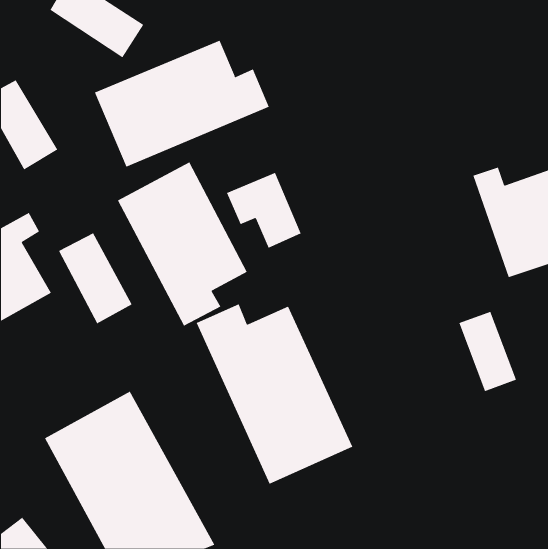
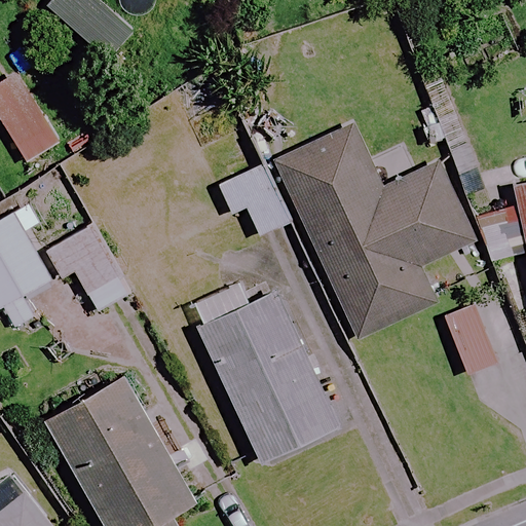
building: [94,40,270,168] -> none
building: none -> [276,128,473,338]
building: [117,162,247,326] -> none

